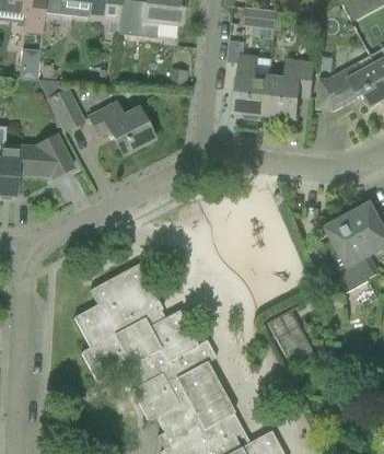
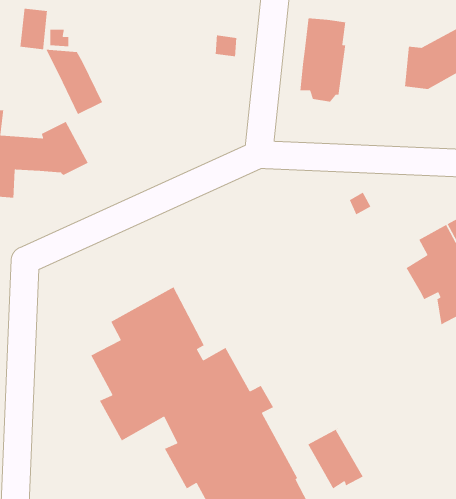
building: [265,60,314,118] -> none
building: [88,102,152,154] -> none
building: [266,305,310,357] -> [307,423,364,489]

